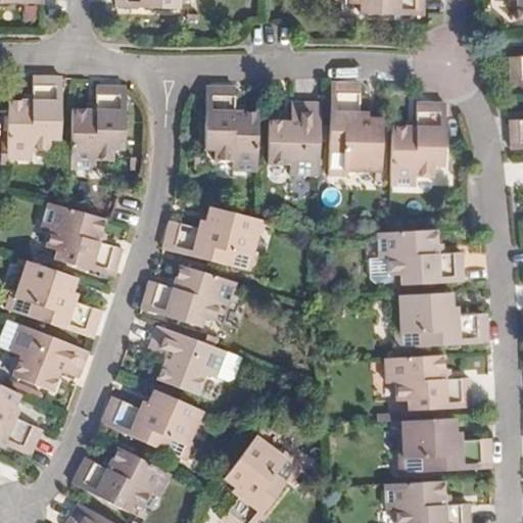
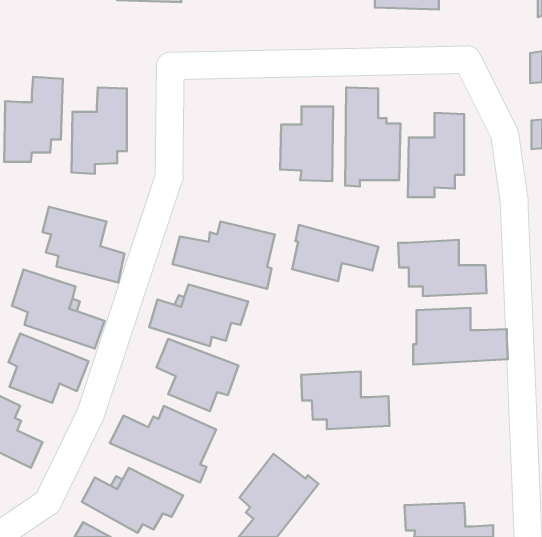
building: [203,89,258,173] -> none
building: none -> [292,225,379,281]
building: [389,358,474,413] -> [301,372,390,429]
building: [396,419,488,472] -> none

